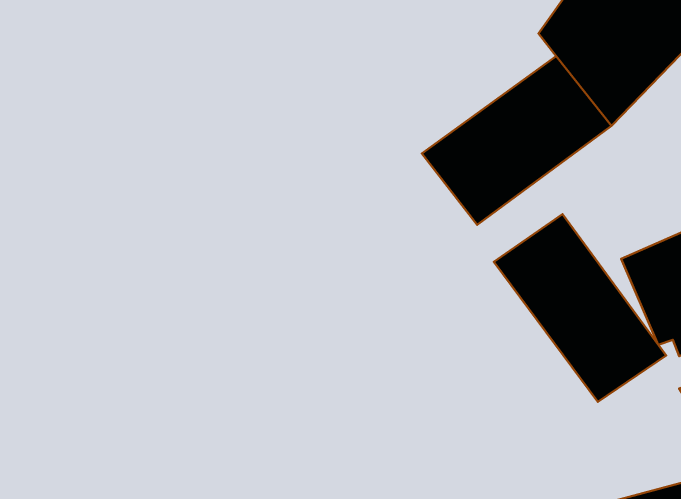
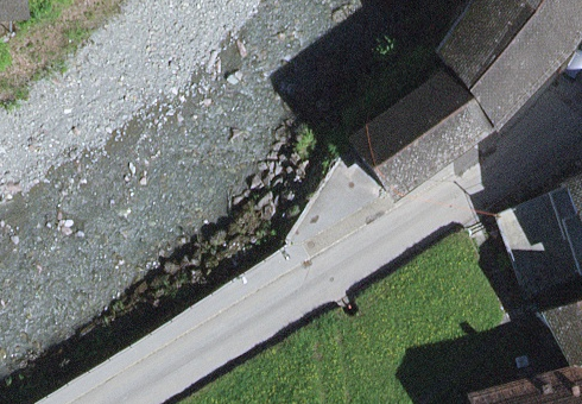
building: [494,214,666,402] -> none

